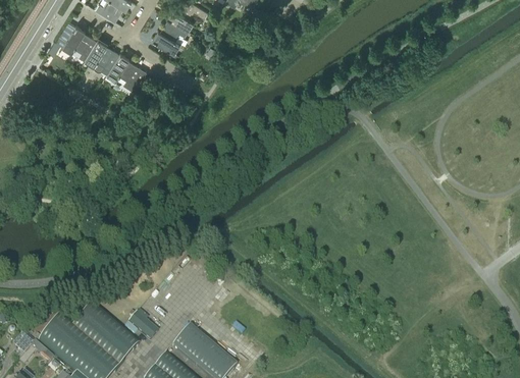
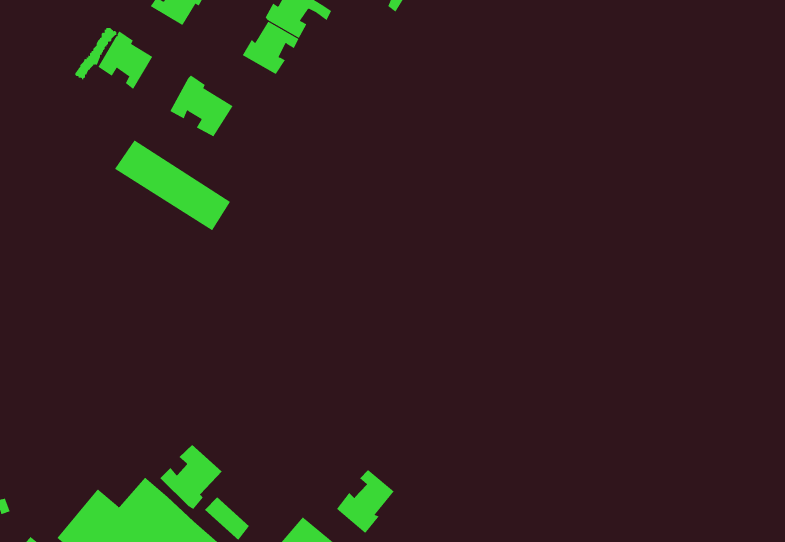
building: [84,37,117,72] -> none
building: none -> [114,139,231,231]
building: none -> [159,444,223,510]
building: none -> [336,469,394,534]

